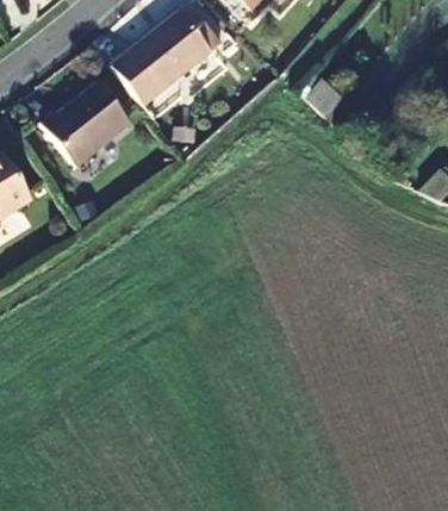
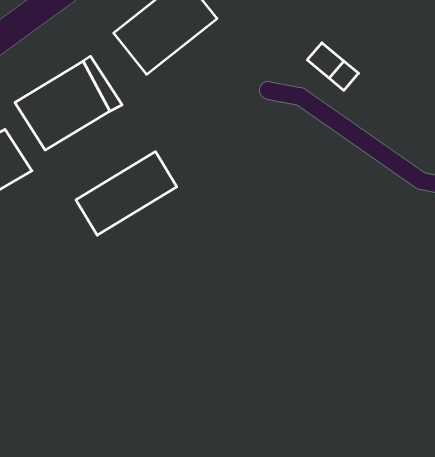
building: none -> [76,152,177,235]

